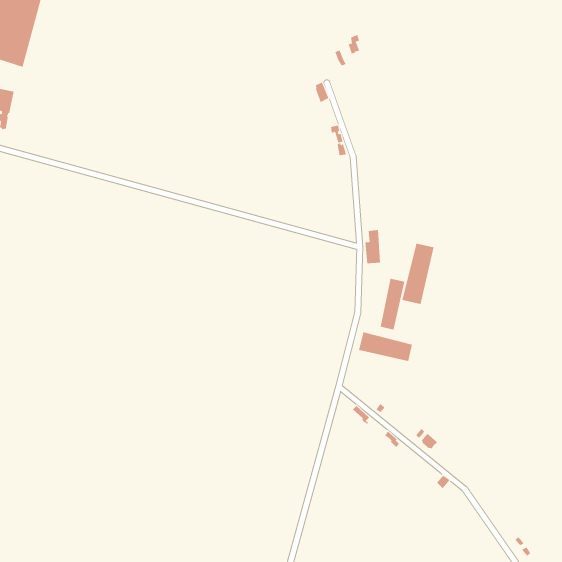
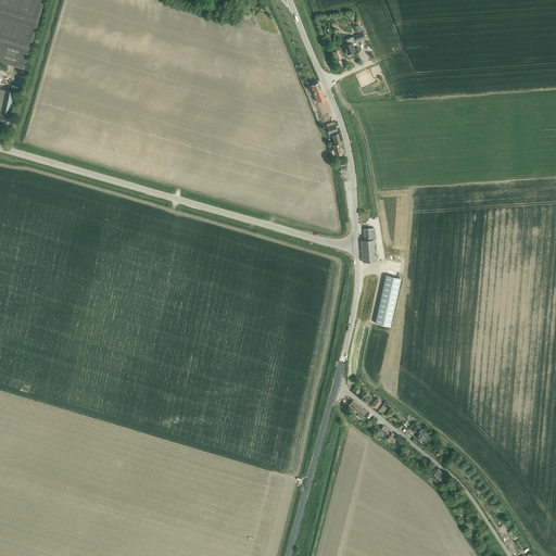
building: [402,243,434,305] -> none
building: [359,332,412,362] -> none

